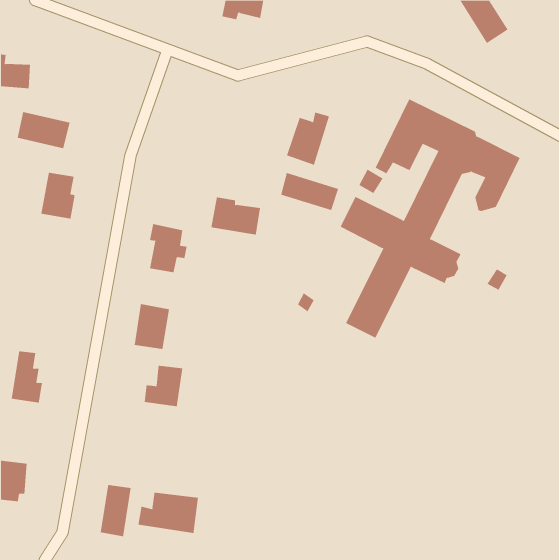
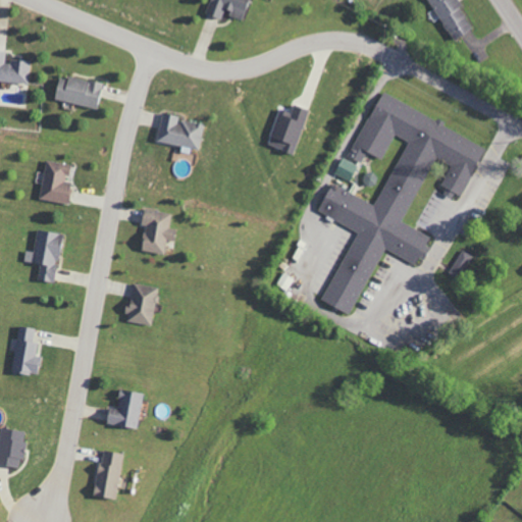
building: [17,112,71,149] -> [54,74,104,109]
building: [281,172,339,211] -> none
building: [211,197,261,235] -> [156,113,203,149]
building: none -> [33,230,62,282]
building: [144,365,183,407] -> [106,389,143,428]
building: [138,492,198,534] -> none

